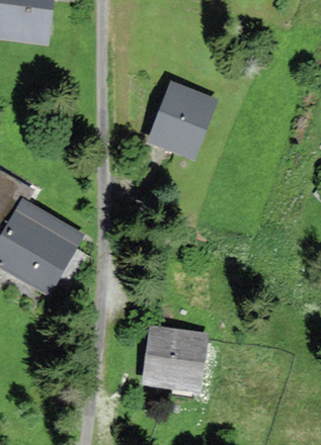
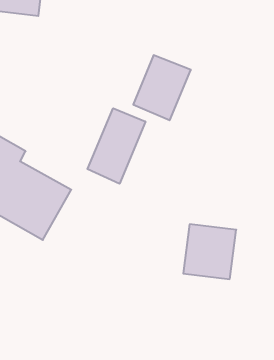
building: none -> [87,108,145,184]
building: [145,329,204,389] -> [183,224,236,279]

